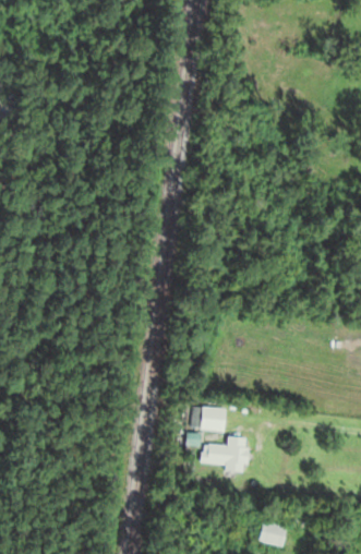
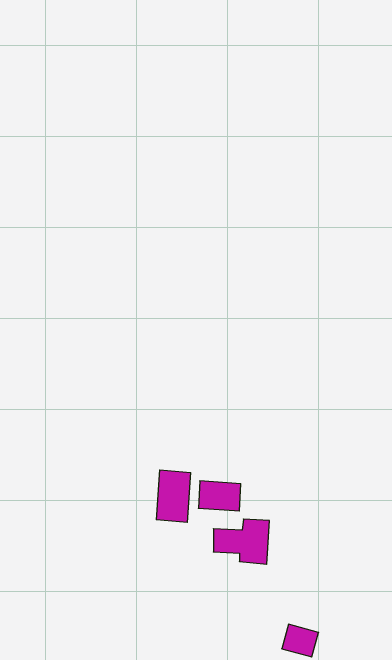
building: none -> [156,470,191,522]

